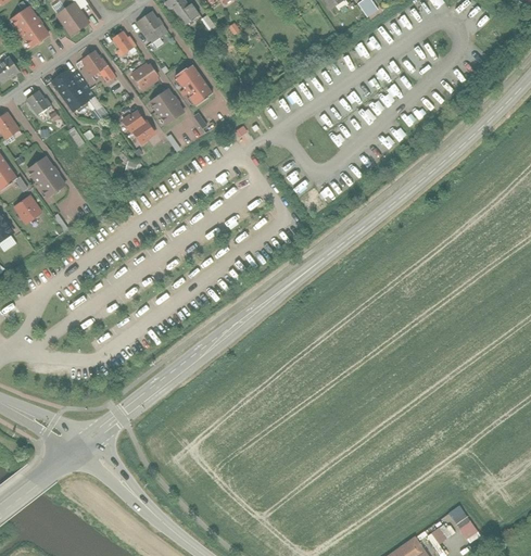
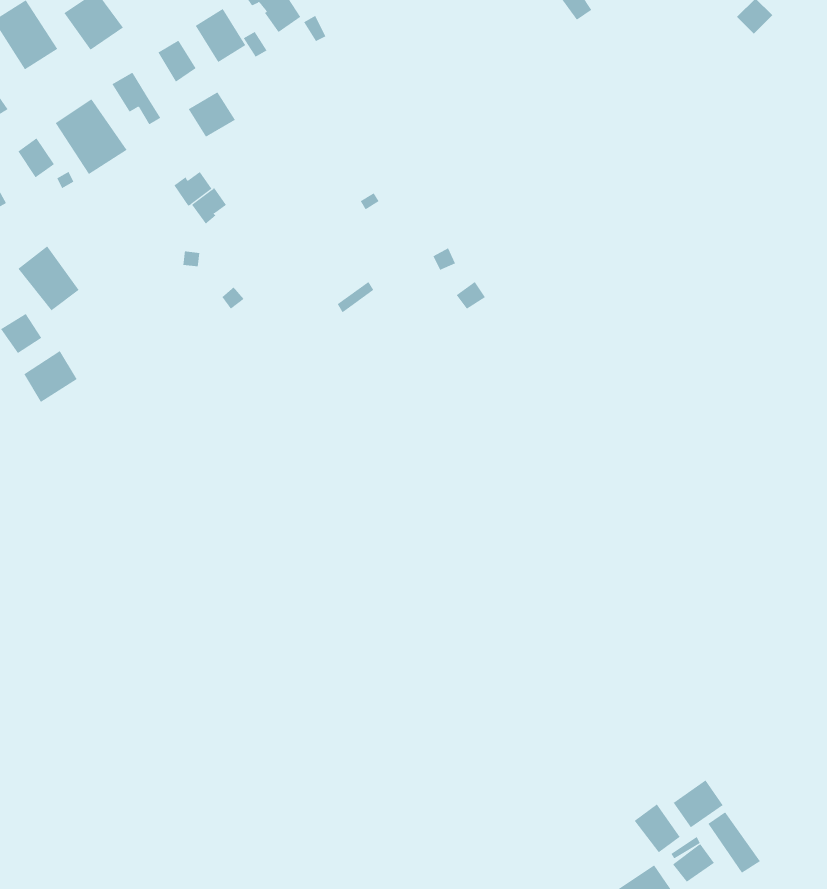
building: [175,63,213,105] -> none
building: [150,89,184,124] -> none
building: none -> [23,350,77,403]
building: none -> [673,780,723,828]
building: none -> [634,804,680,853]

